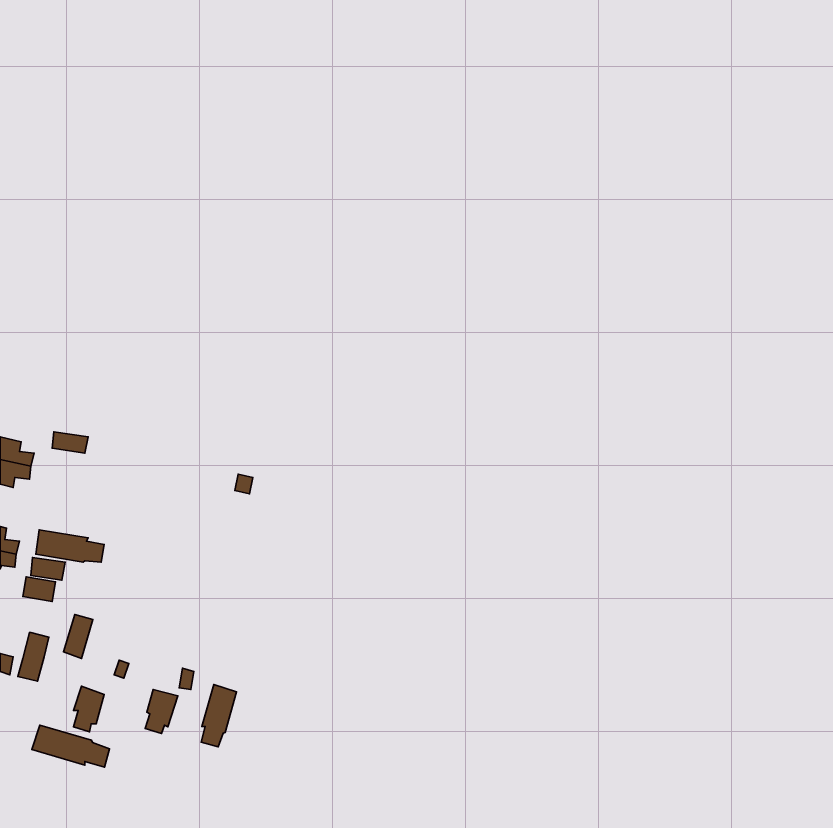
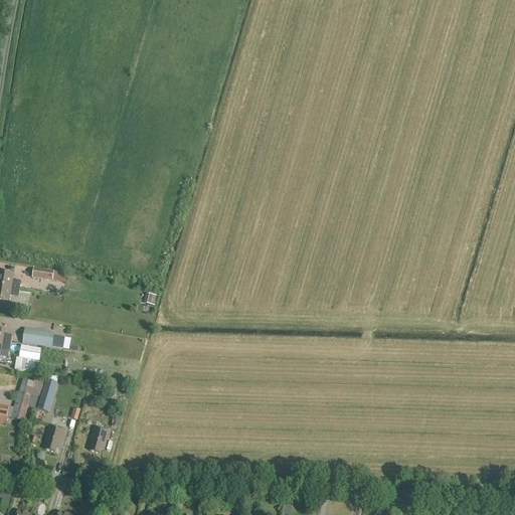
building: [201,685,237,747] -> none
building: [32,725,110,767] -> none

